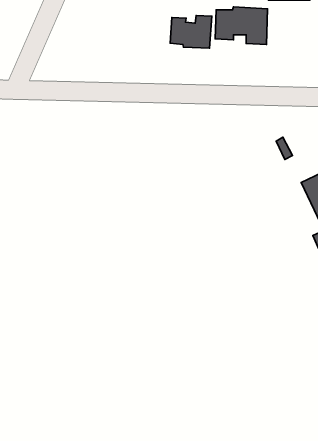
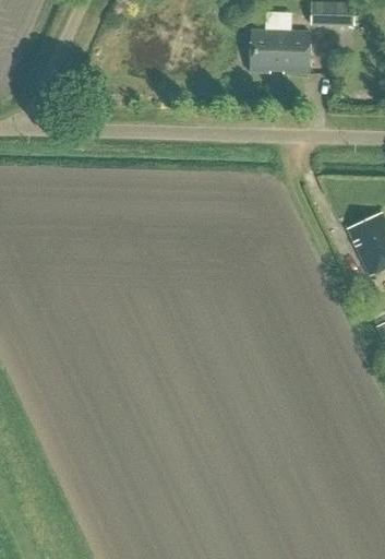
building: [170,16,212,48] -> none

